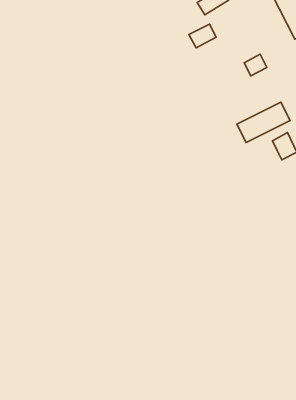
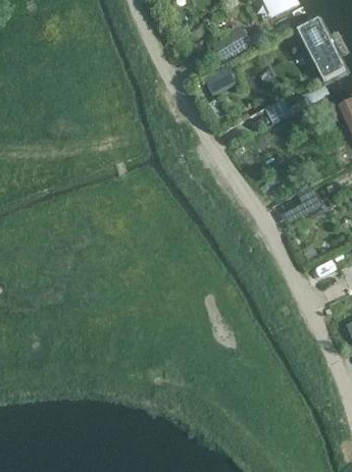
building: [237,102,290,142] -> none

